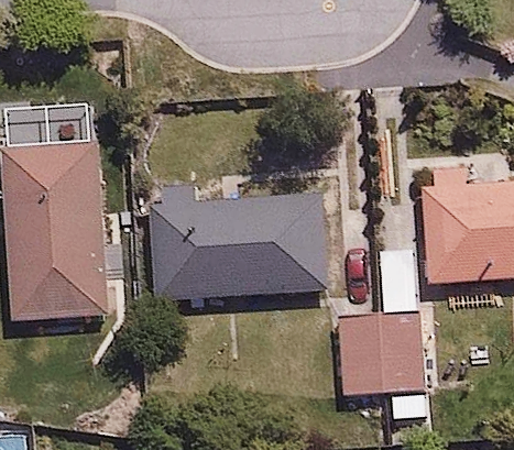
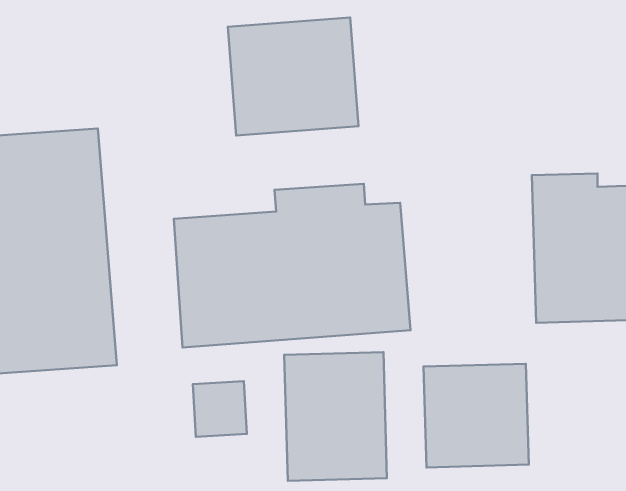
building: none -> [228,17,359,135]
building: none -> [284,352,387,481]

